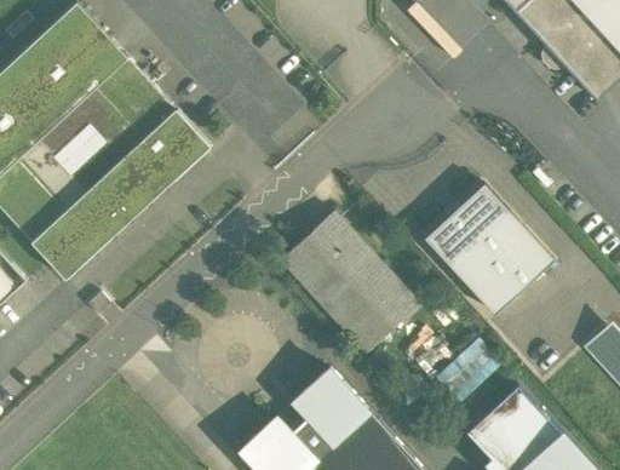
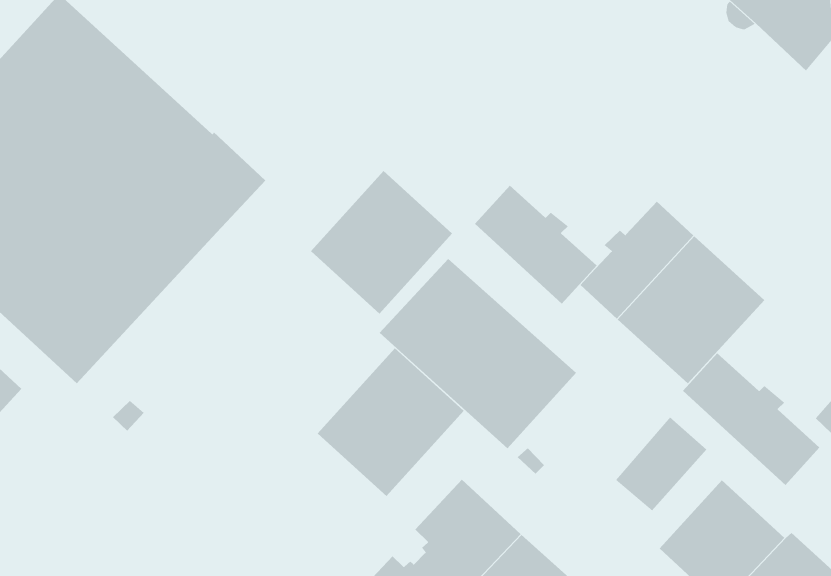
building: none -> [310,170,453,315]
building: none -> [474,185,597,304]
building: none -> [317,347,464,497]
building: none -> [682,352,820,486]

